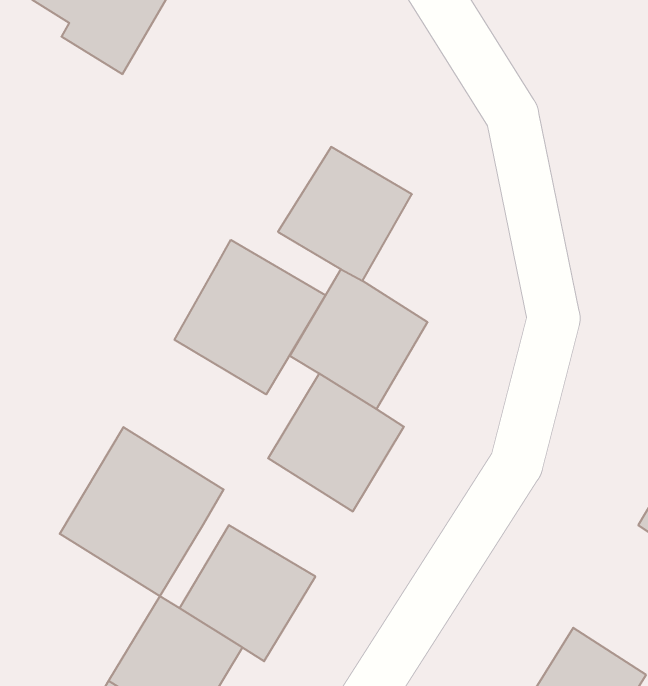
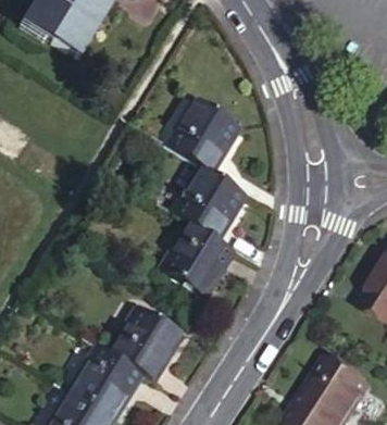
building: [175,240,326,394] -> none
building: [60,427,224,596] -> none

